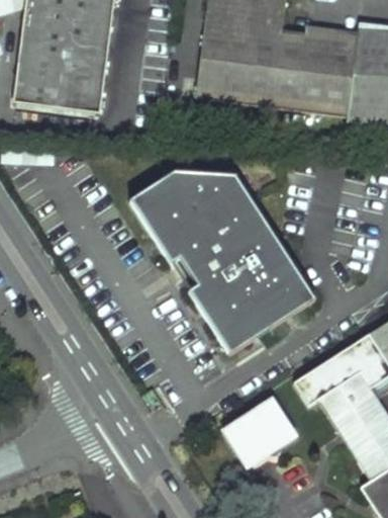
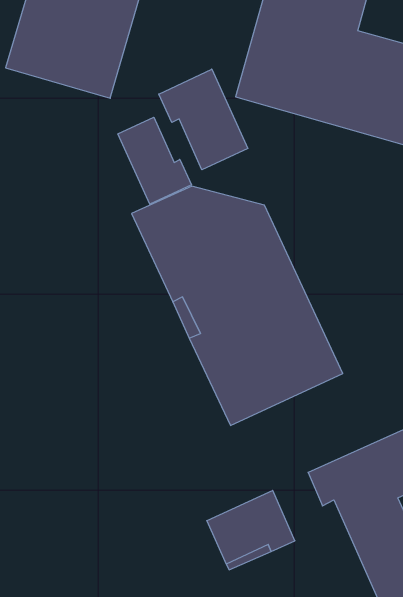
building: none -> [159,69,248,170]
building: none -> [118,117,191,204]

